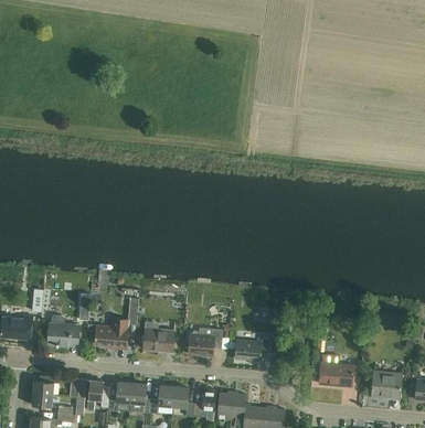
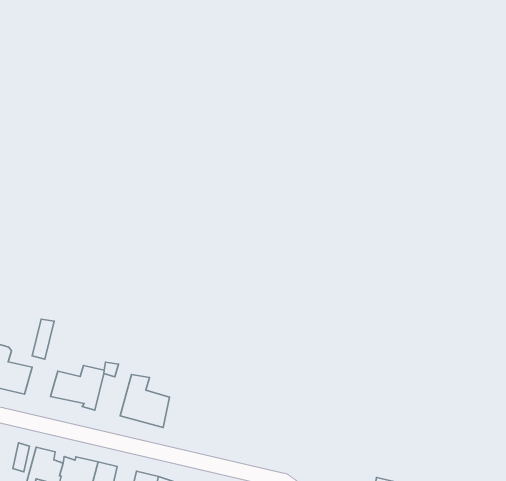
building: [189,329,222,356] -> none
building: [229,340,269,360] -> none

